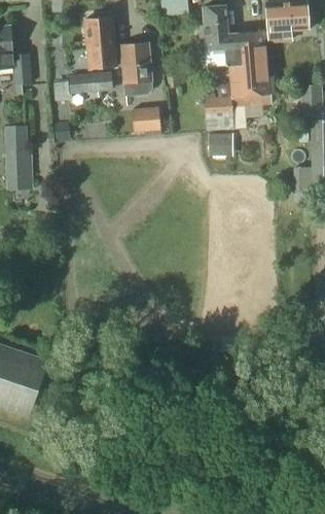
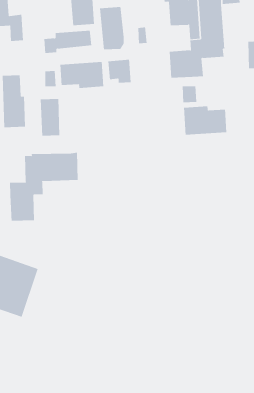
building: none -> [60,61,104,89]
building: none -> [40,98,60,136]
building: none -> [183,106,227,136]
building: none -> [9,152,78,222]

